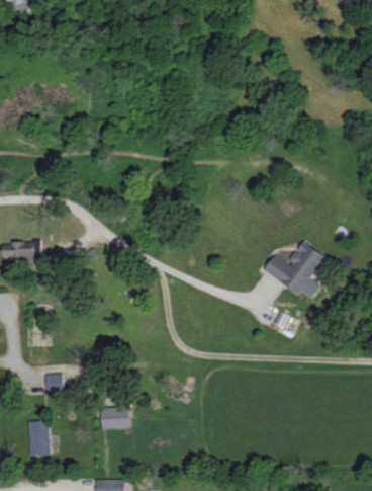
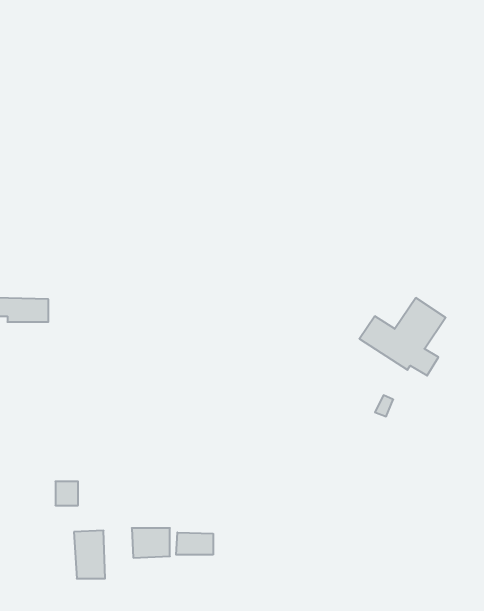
building: none -> [176,532,213,555]
building: [28,420,51,455] -> [74,531,105,579]

